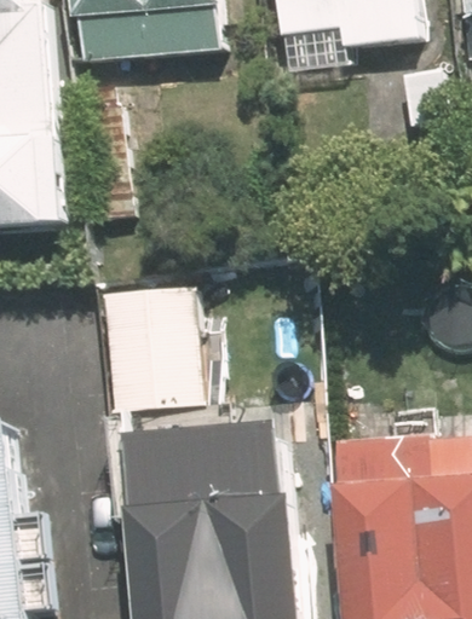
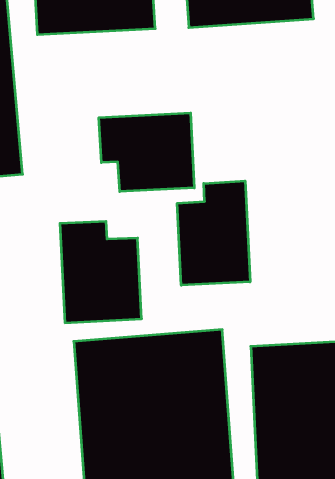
building: none -> [99,113,194,192]
building: none -> [177,181,250,285]

